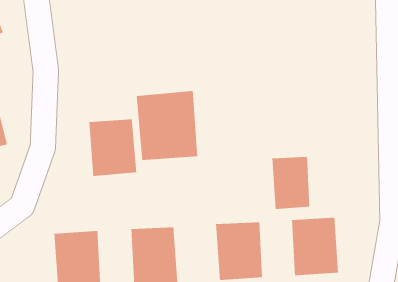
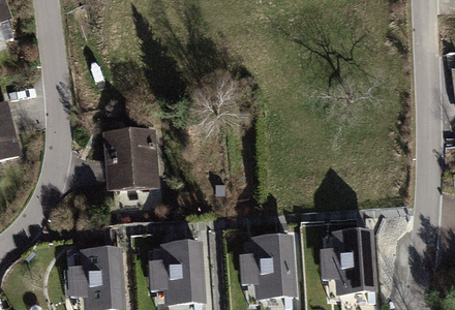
building: [136,90,198,161] -> none
building: [271,156,310,210] -> none

